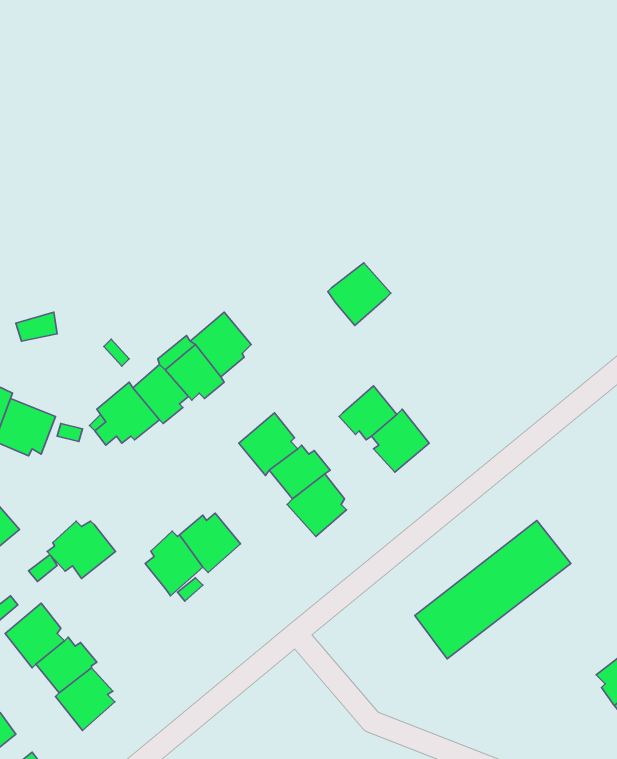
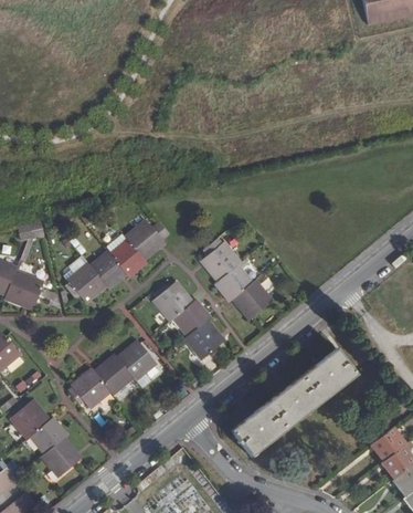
building: [328,263,391,325] -> [201,243,240,282]
building: [47,521,116,578] -> [67,373,109,408]
building: none -> [232,407,282,457]

